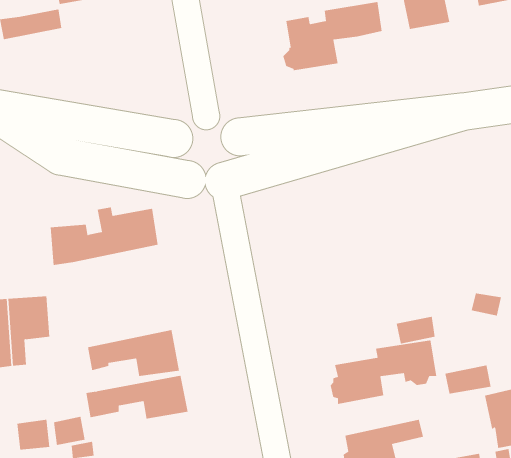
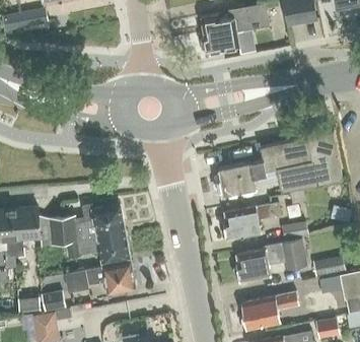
building: none -> [216,133,341,195]
building: [50,207,159,265] -> [49,205,124,246]
building: none -> [223,203,278,241]

